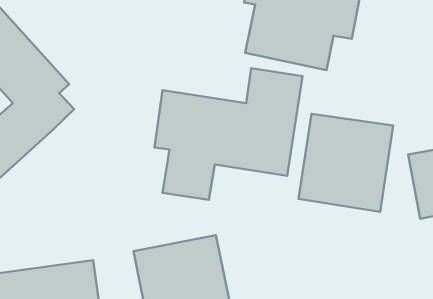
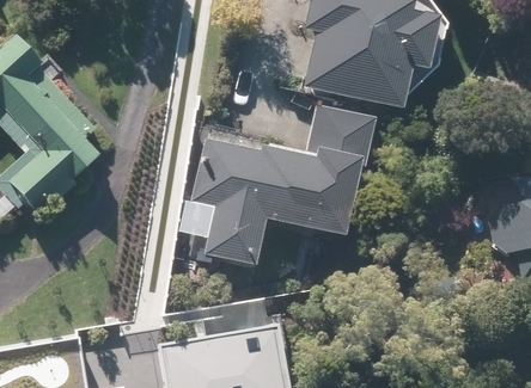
building: [299,114,393,212] -> none

